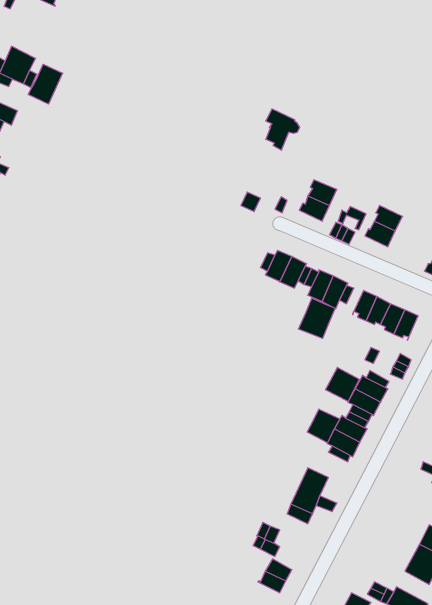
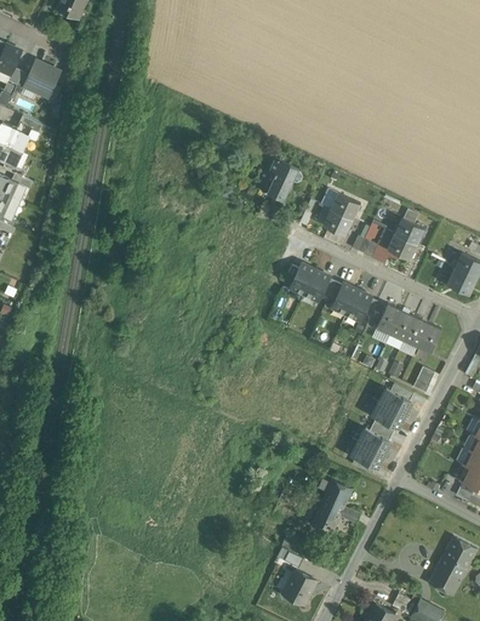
building: [28,64,63,104] -> none
building: [266,109,300,150] -> [268,159,302,200]
building: [298,298,335,338] -> none
building: [326,367,359,401] -> none
building: [307,409,340,443] -> none

